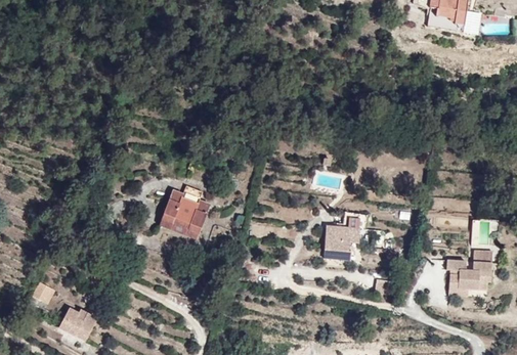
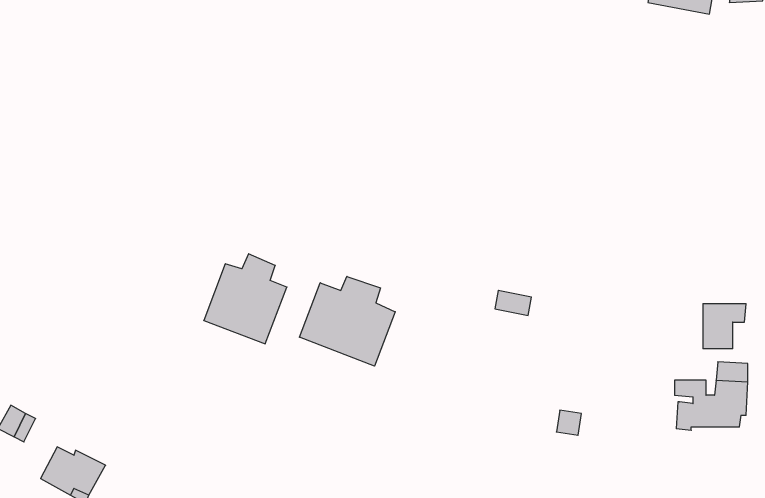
building: none -> [299,276,395,366]
building: [325,227,361,262] -> none

